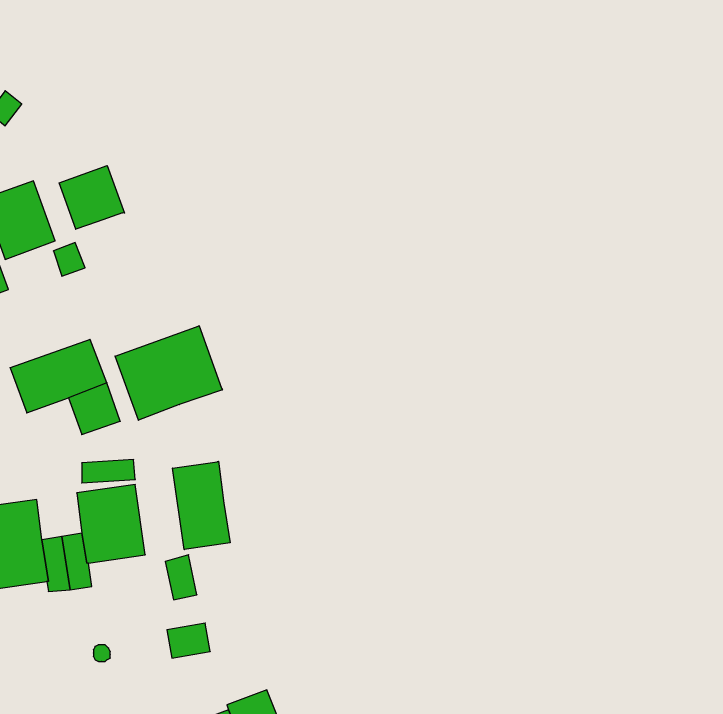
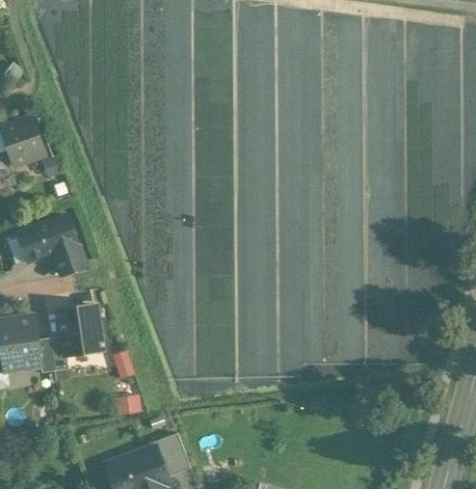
building: [59,166,125,229] -> none
building: [115,326,222,420] -> none
building: [173,461,230,550] -> none

